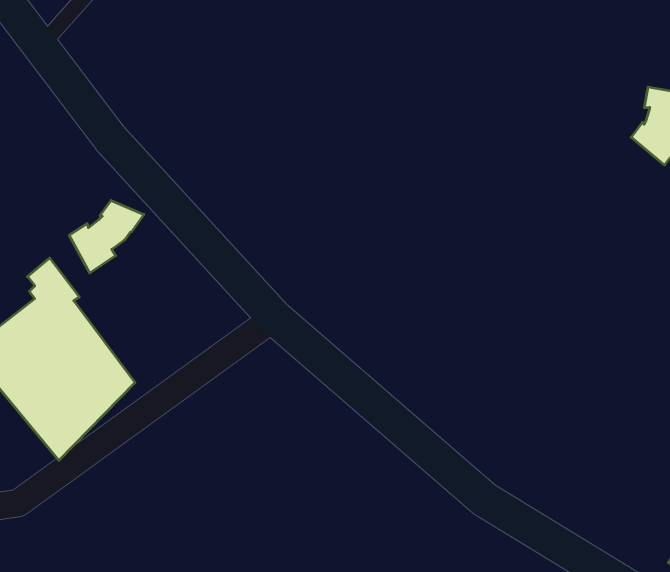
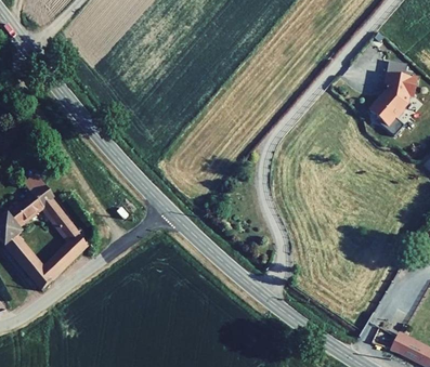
building: [69,200,144,273] -> none

